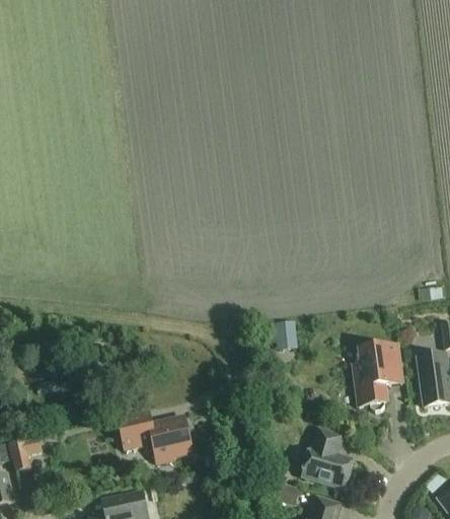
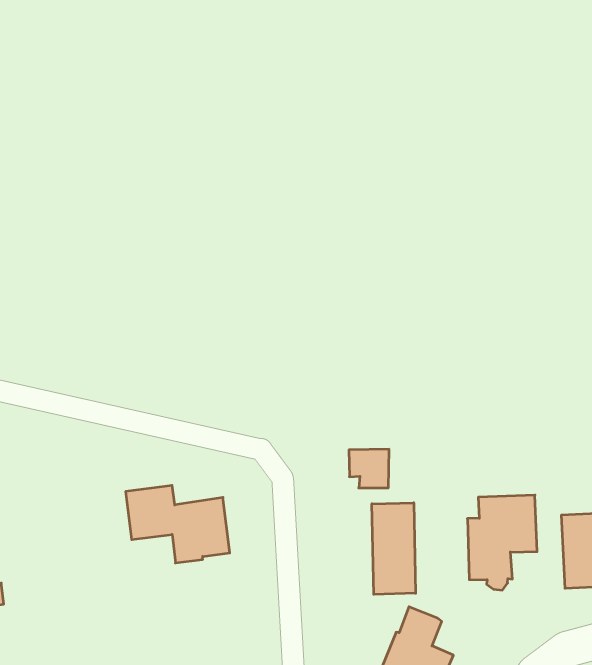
building: none -> [372,503,416,594]
building: [117,410,192,462] -> [126,485,230,563]

